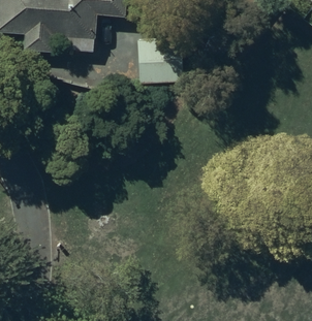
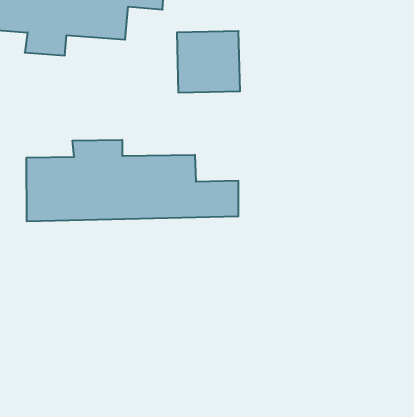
building: none -> [26,140,238,221]

